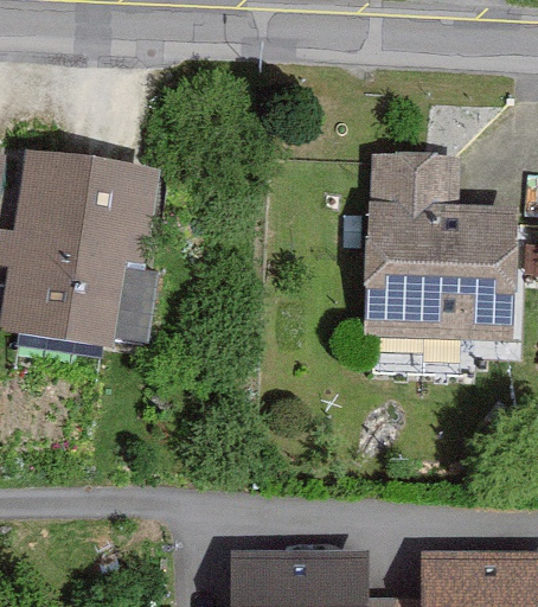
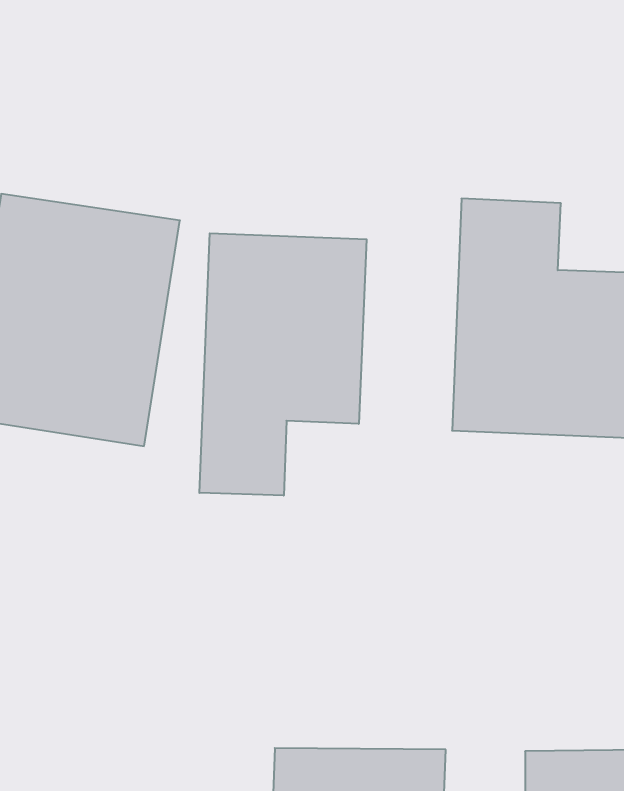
building: none -> [199,233,367,496]

